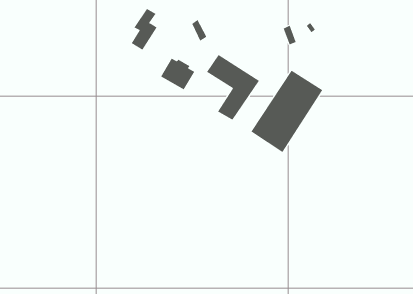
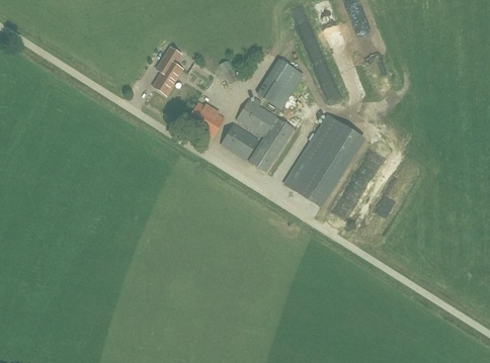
building: none -> [257,58,304,107]
building: none -> [221,123,258,159]

